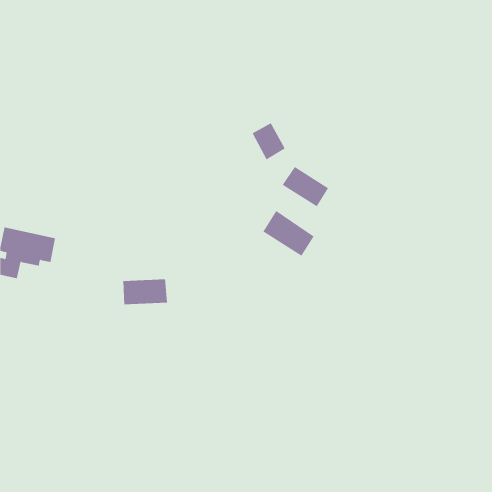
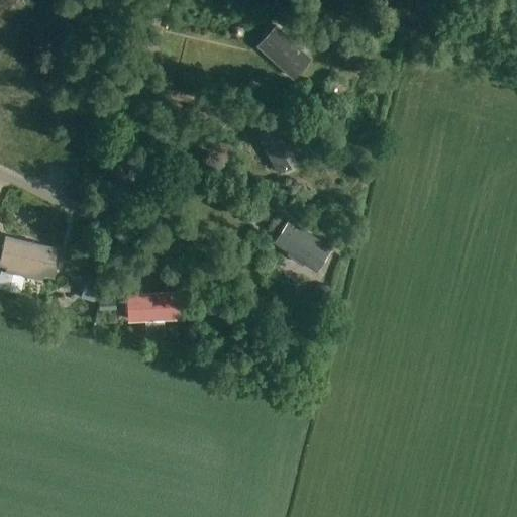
building: none -> [257,27,309,78]
building: [282,166,329,207] -> none

